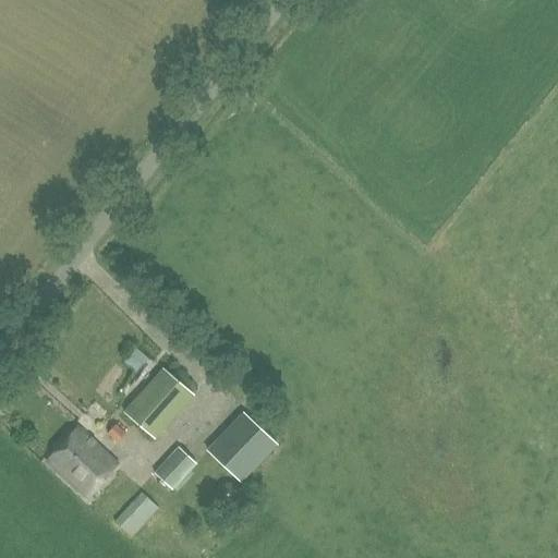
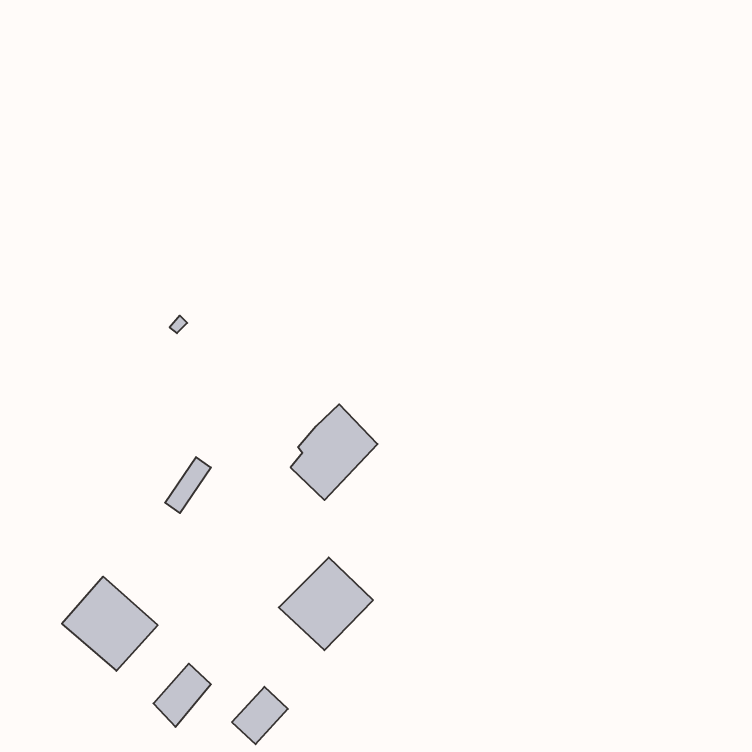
building: [128,367,192,438] -> [291,404,378,500]
building: [154,446,195,488] -> [232,687,288,744]

